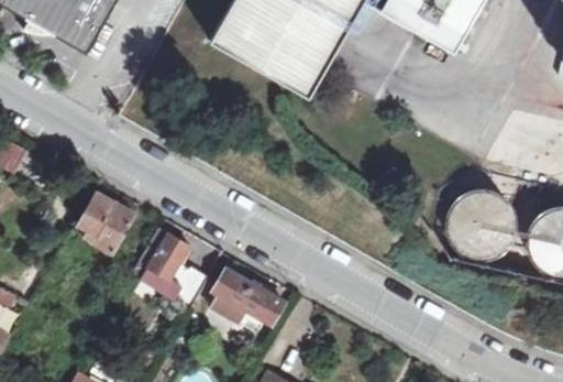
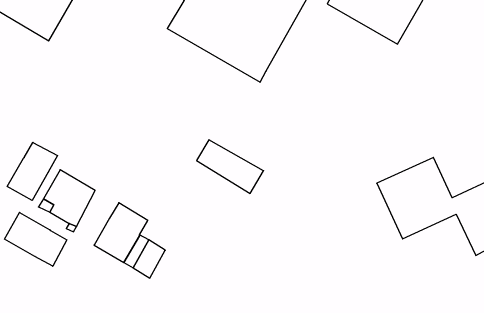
building: none -> [7,142,58,200]
building: none -> [5,212,67,266]
building: [212,269,284,326] -> [197,140,264,193]

